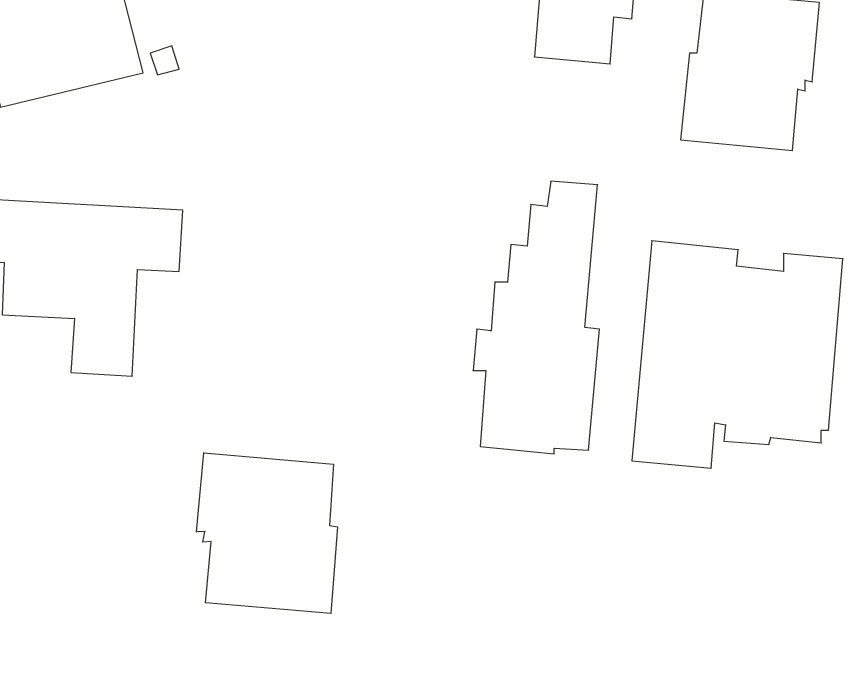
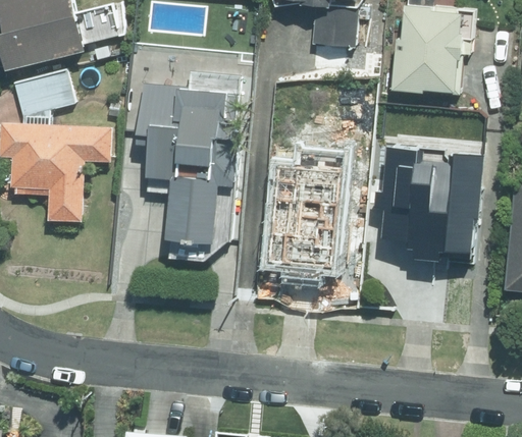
building: none -> [12,70,72,116]
building: none -> [128,73,238,243]
building: [197,453,338,613] -> none

